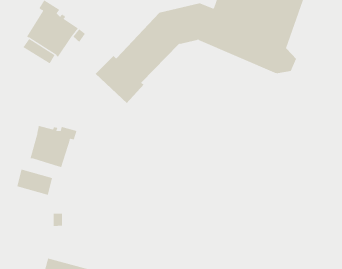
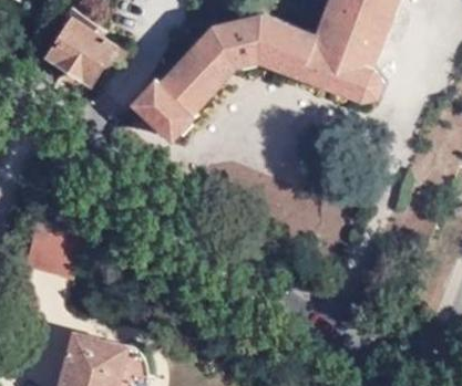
building: [30,125,77,168] -> none

